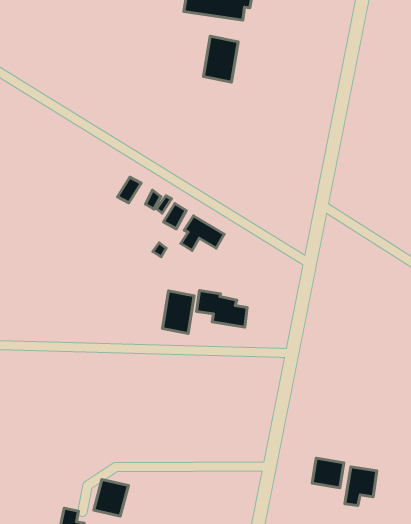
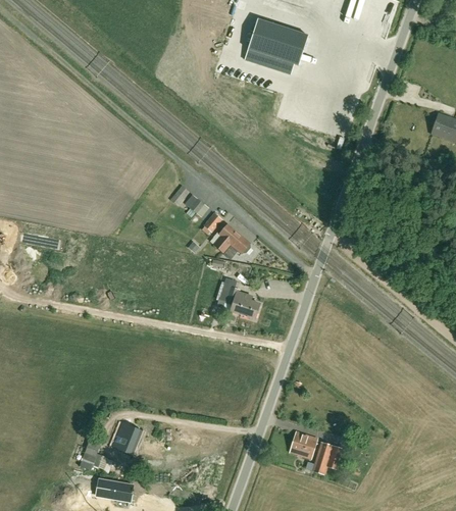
building: [204,36,238,82] -> none
building: [163,291,194,333] -> none

